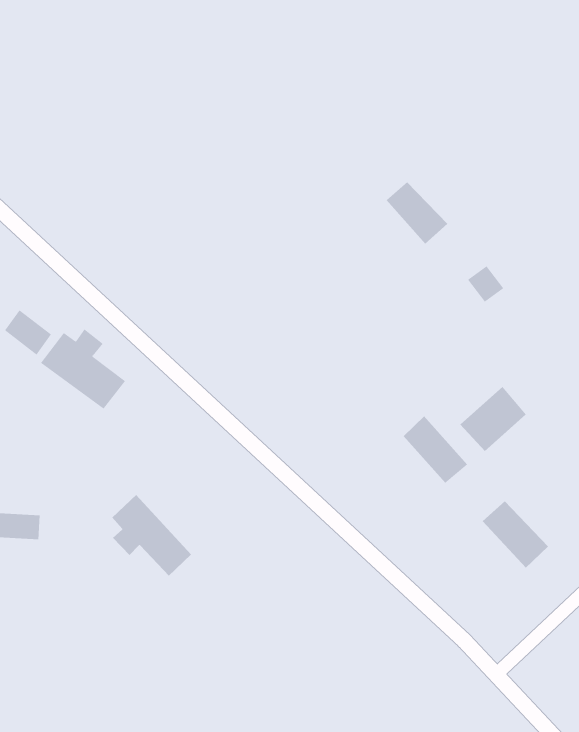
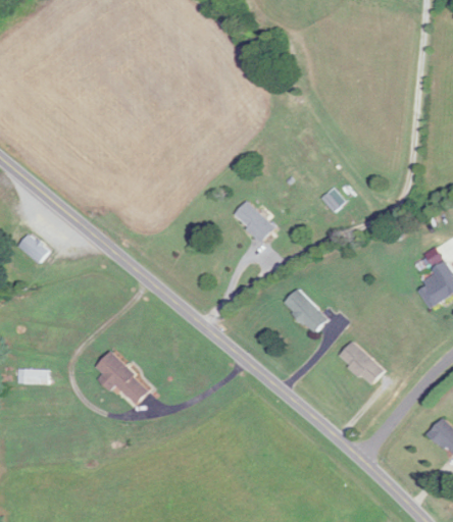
building: [386,181,448,244] -> [233,201,274,242]
building: [40,329,126,410] -> none
building: [459,386,527,452] -> none

